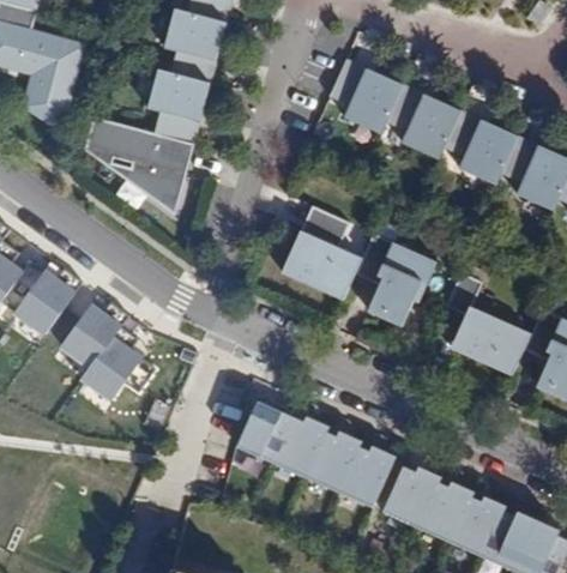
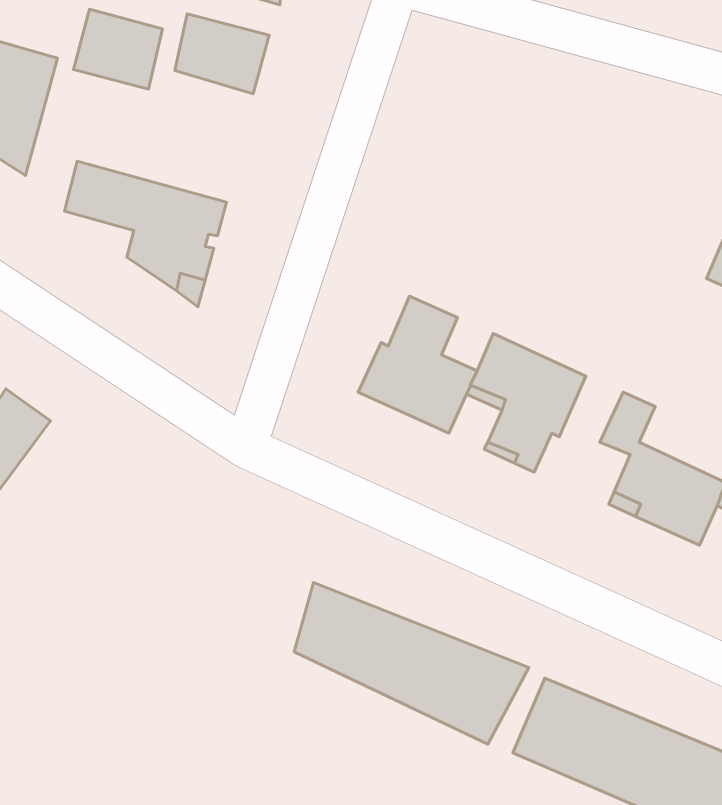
building: [344,68,404,135] -> none
building: [144,76,204,129] -> [74,9,163,89]
building: [404,91,465,159] -> none
building: [462,120,523,187] -> none
building: [53,301,146,412] -> none

